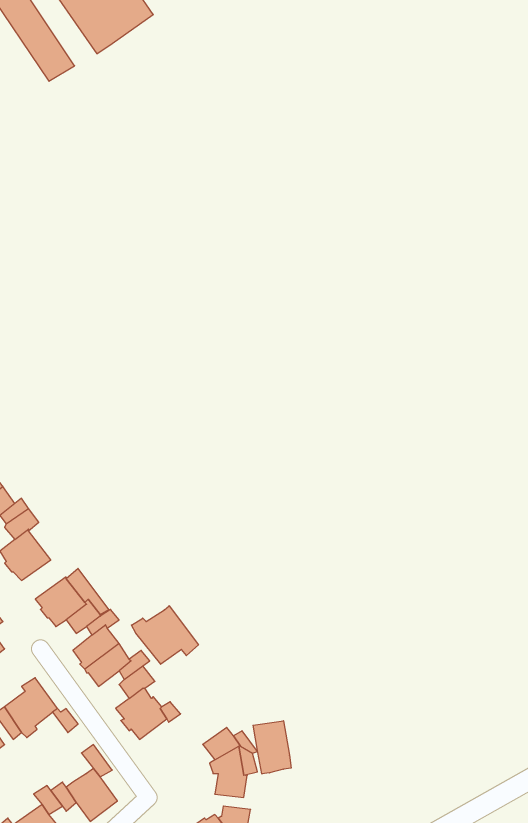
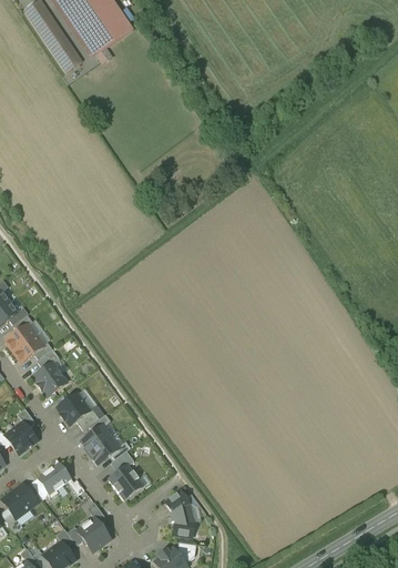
building: [131,606,198,664] -> none
building: [253,721,291,774] -> none

